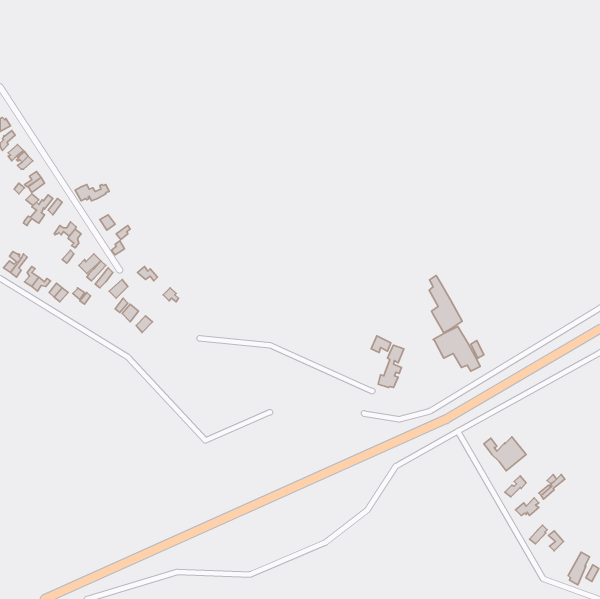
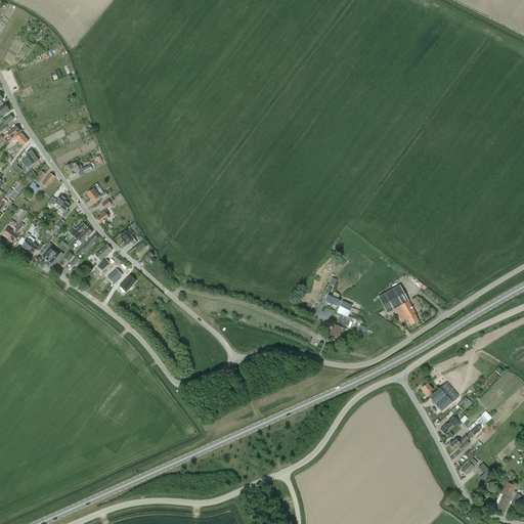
building: [429,275,462,333] -> none

